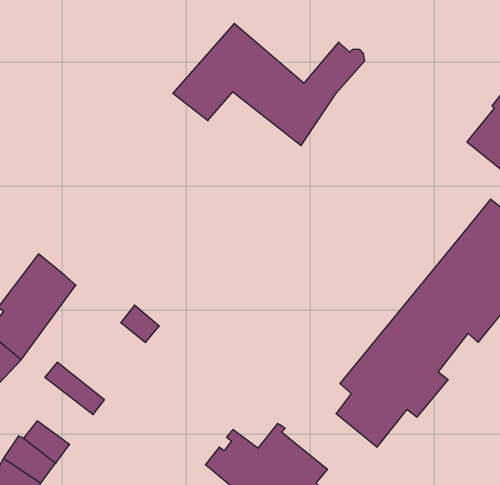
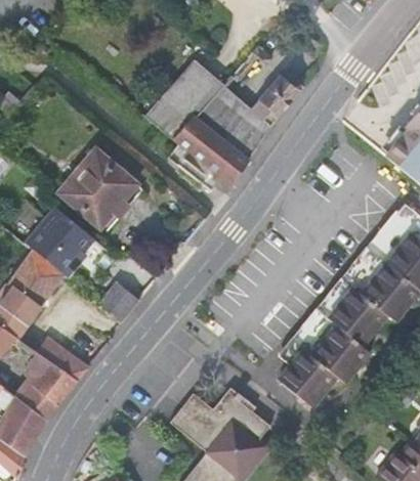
building: none -> [173,115,250,185]
building: none -> [59,148,143,231]
building: none -> [30,209,109,279]
building: none -> [29,349,79,404]

